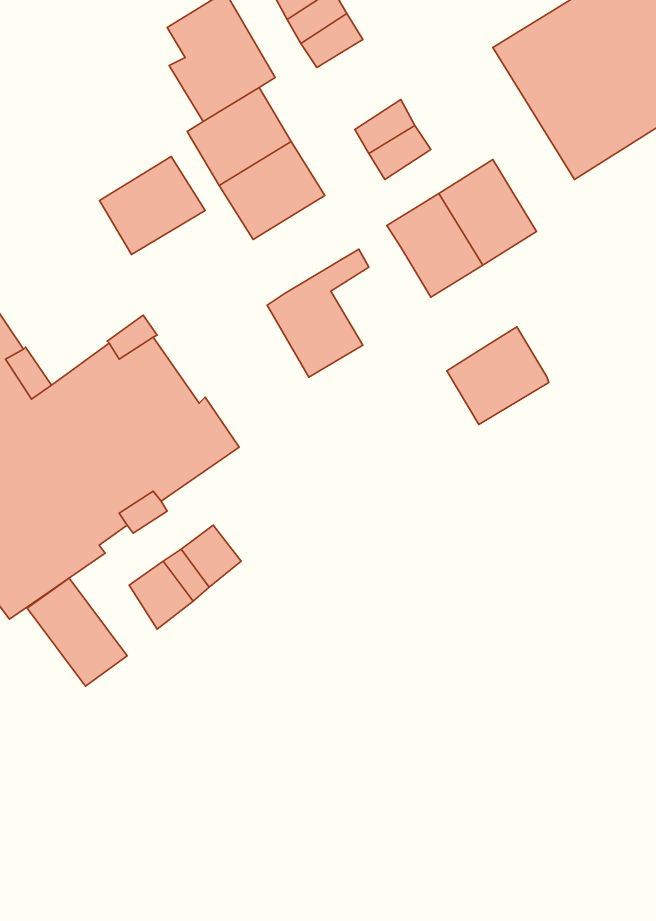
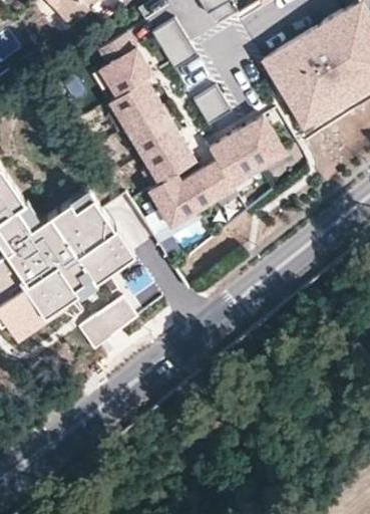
building: [99,157,205,255] -> [142,133,196,182]
building: [447,327,549,425] -> [181,159,233,208]
building: [27,578,127,686] -> none

